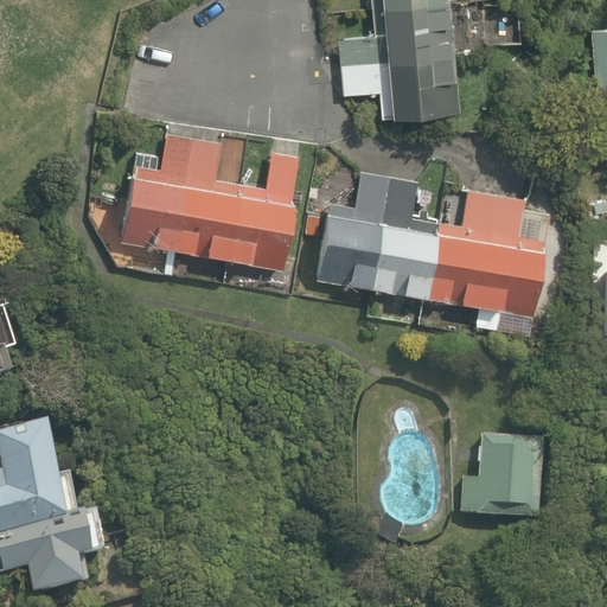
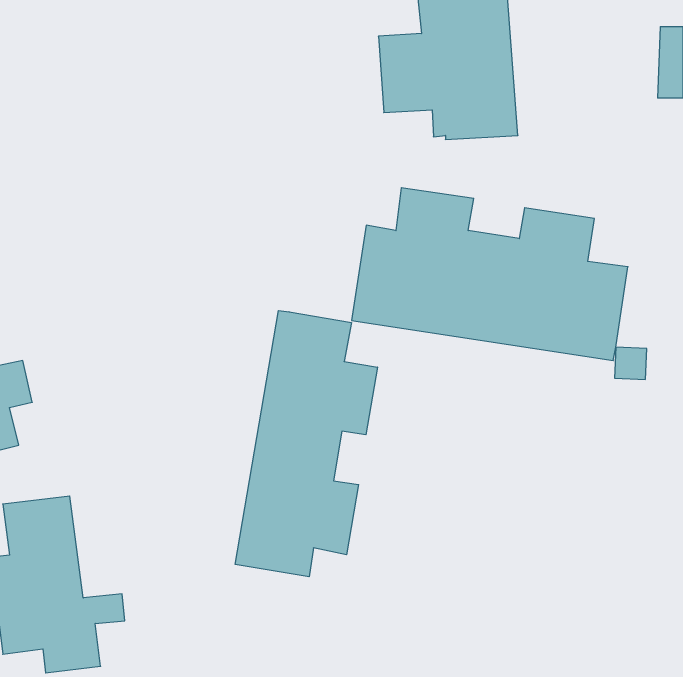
building: [120,127,300,266] -> none
building: none -> [235,311,377,577]
building: [460,432,542,522] -> none

